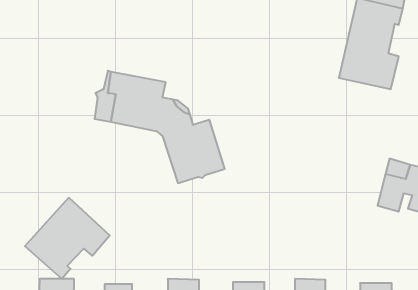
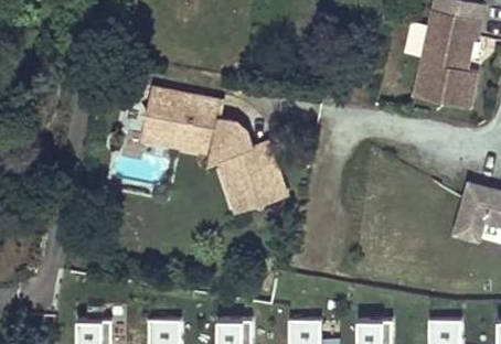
building: [25,198,110,279] -> none

